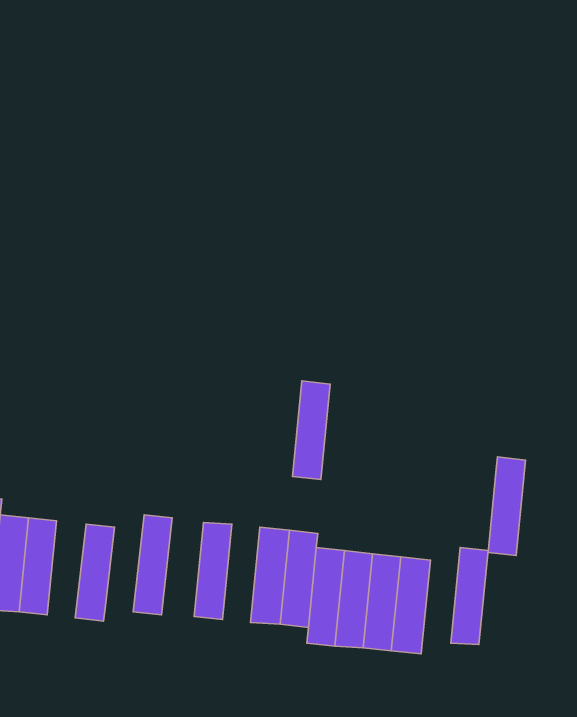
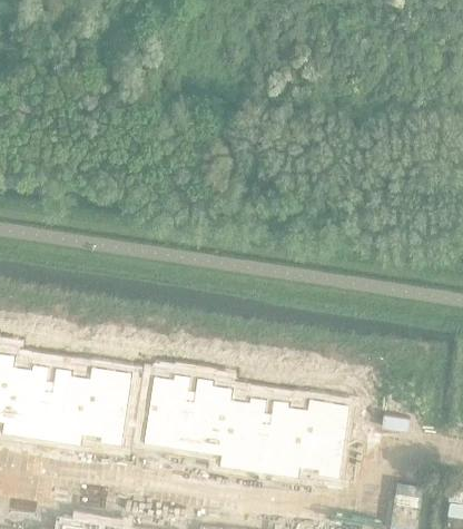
building: [293,381,330,480] -> [164,378,190,448]
building: [488,457,526,555] -> [306,392,333,462]
building: none -> [80,369,108,440]
building: none -> [39,375,67,444]

